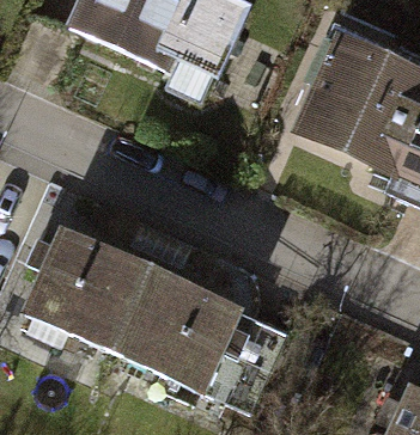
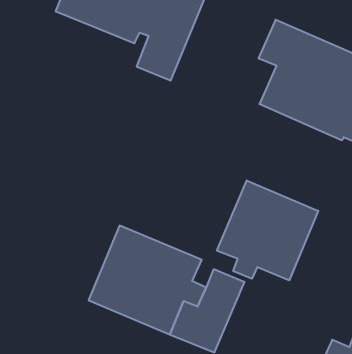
building: none -> [217,180,318,280]
building: [25,222,147,349] -> none

